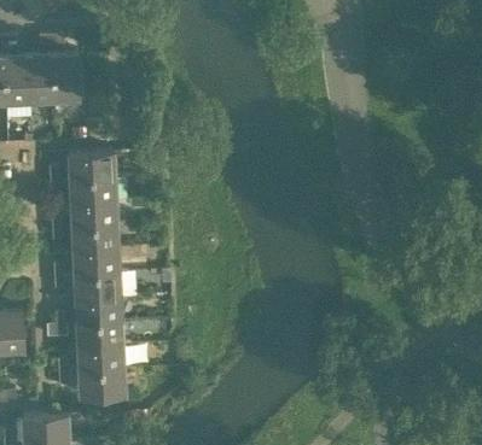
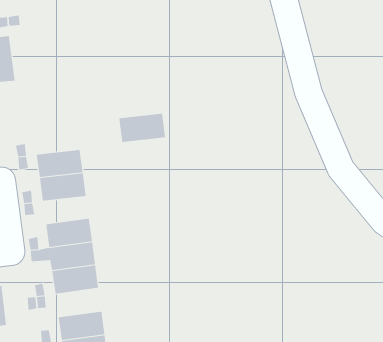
building: [52,54,80,103] -> none
building: [68,153,115,180] -> [118,113,166,143]
building: [71,227,118,252] -> none
building: [76,322,123,349] -> none

